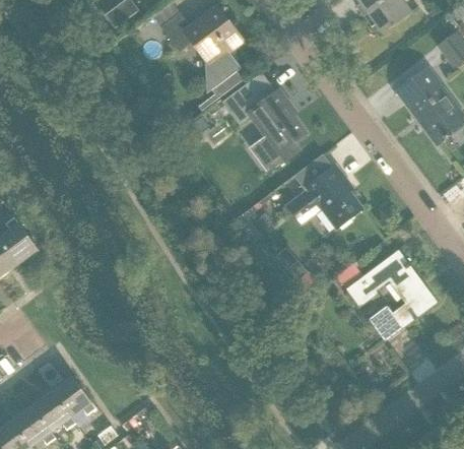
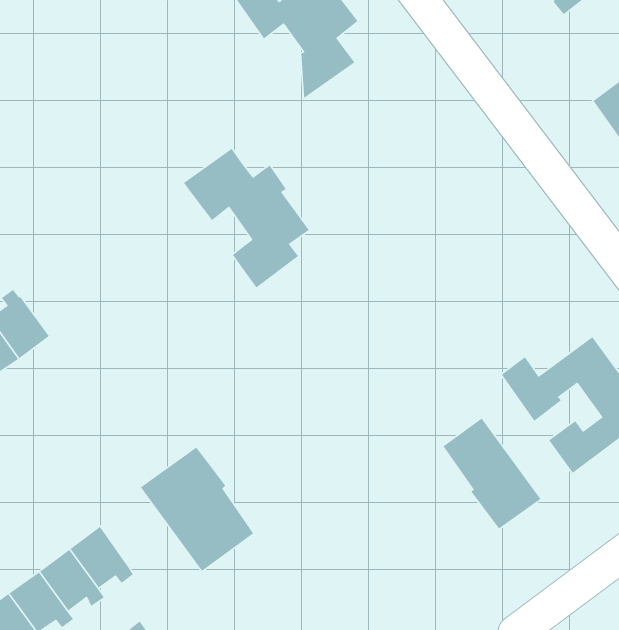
building: [221,77,306,171] -> [183,148,310,288]
building: [288,154,362,228] -> none
building: none -> [443,418,542,530]
building: none -> [140,446,254,572]

